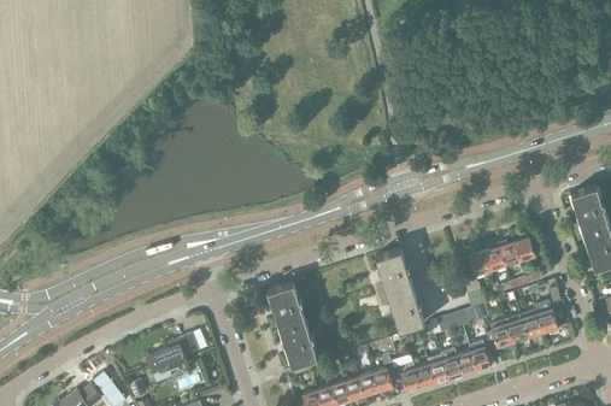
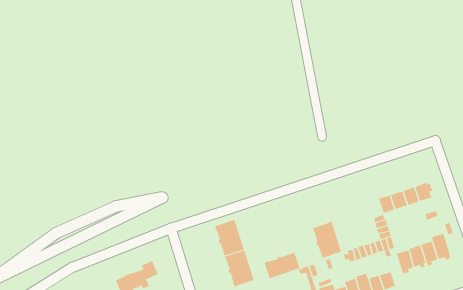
building: [376,248,412,294] -> none
building: none -> [264,252,300,279]

